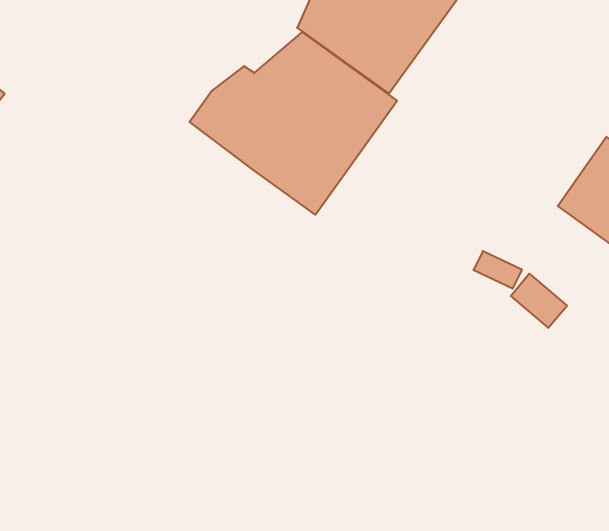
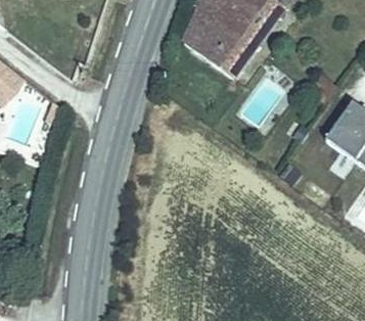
building: [190,32,397,215] -> none

